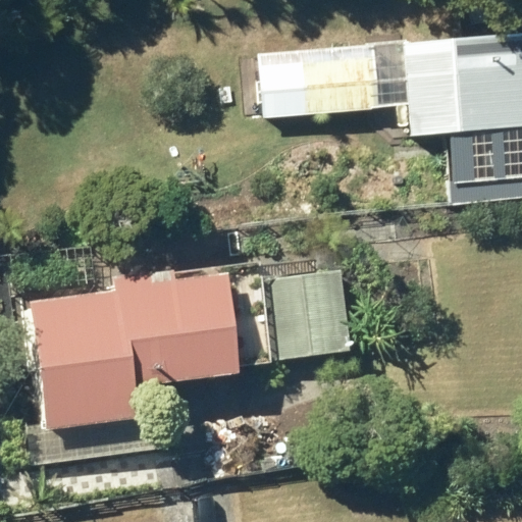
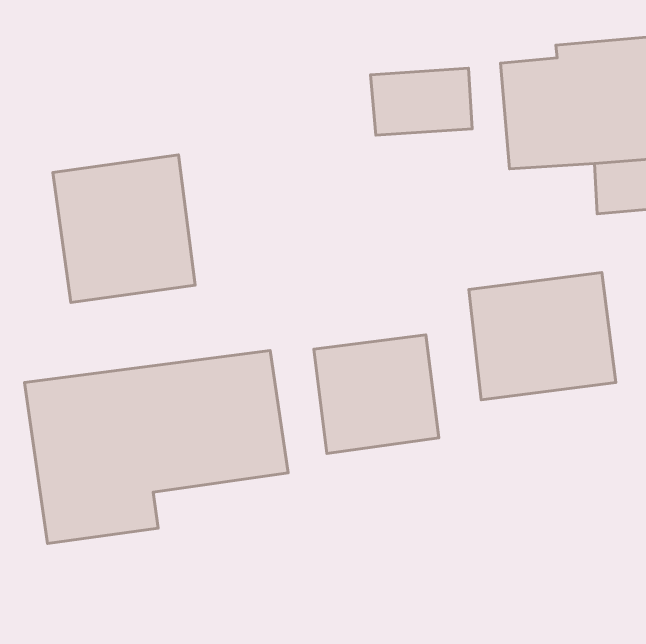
building: none -> [53,155,195,303]
building: none -> [469,273,616,400]

